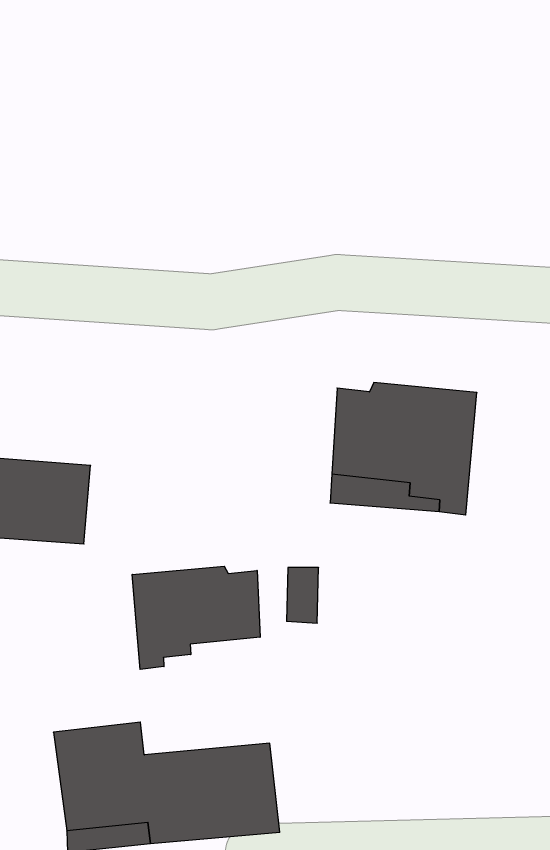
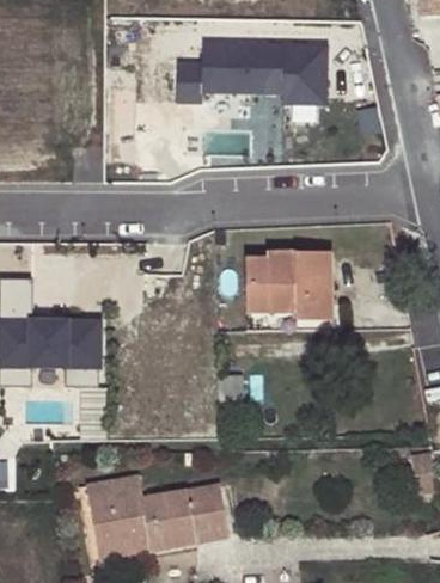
building: none -> [175,39,326,103]
building: [132,566,260,669] -> none

